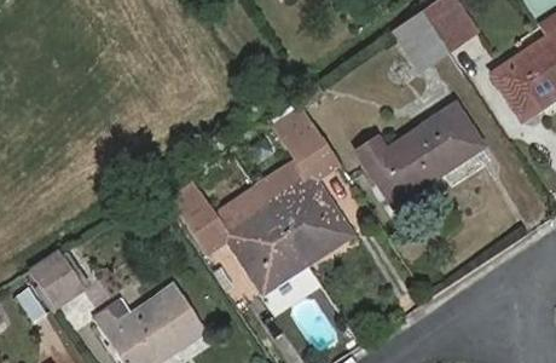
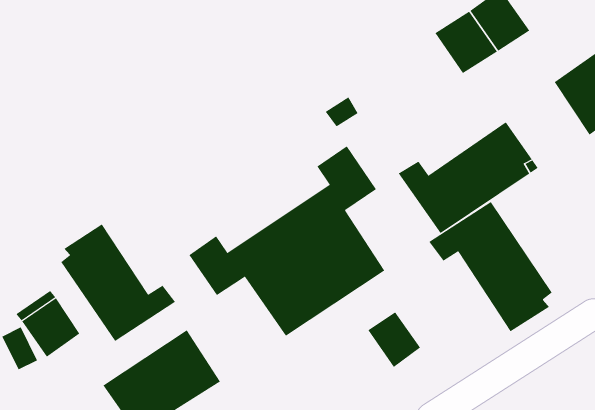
building: none -> [429,201,553,332]
building: none -> [60,224,176,342]
building: none -> [368,312,421,368]

